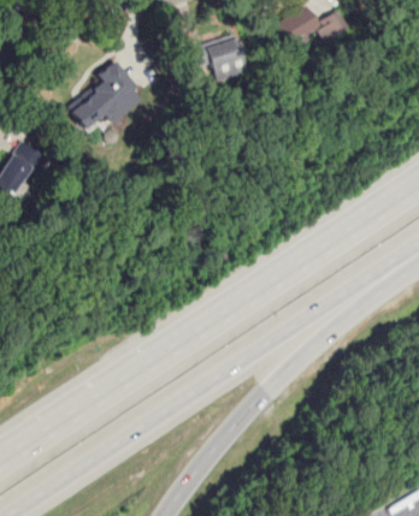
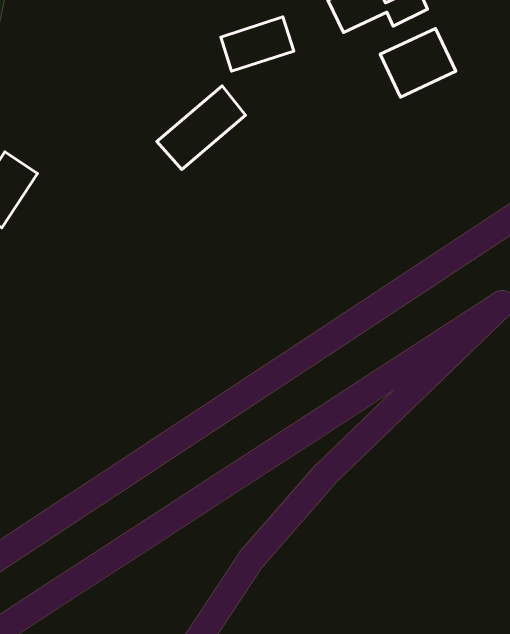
building: none -> [380,29,456,97]
building: [70,66,138,131] -> [157,86,246,170]

